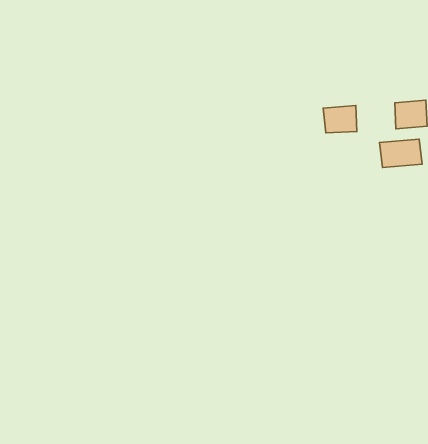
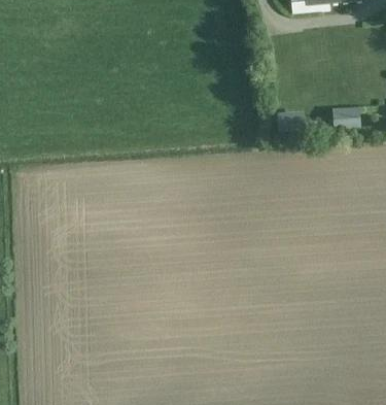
building: [379,139,422,167] -> none

